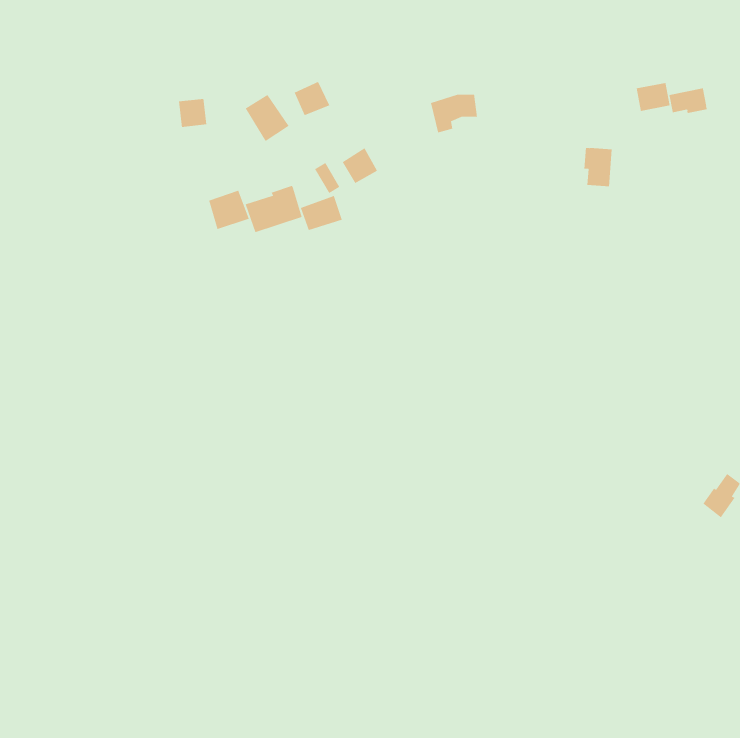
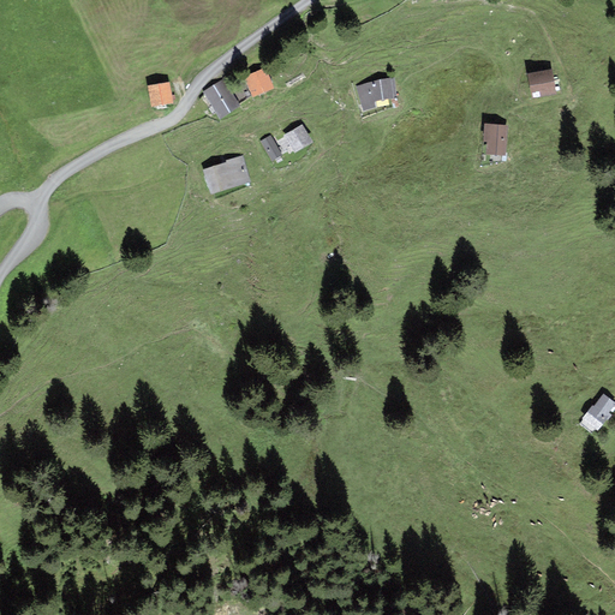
building: [669,88,707,114] -> none
building: [209,190,249,230] -> none
building: [300,195,343,231] -> none

